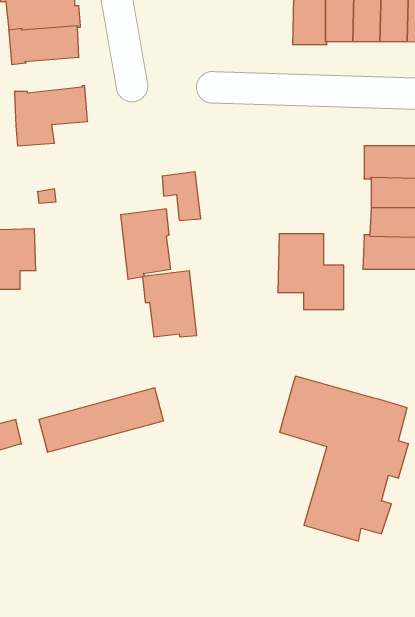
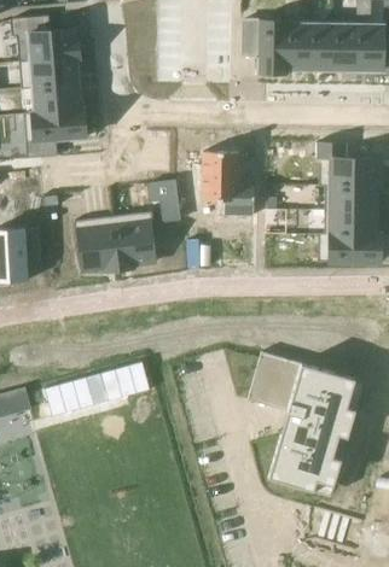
building: none -> [33,83,81,113]
building: [278,234,344,310] -> [201,151,256,215]
building: [142,271,197,337] -> [74,216,120,271]

